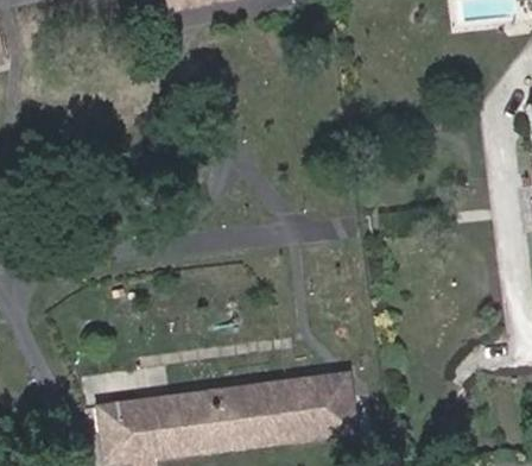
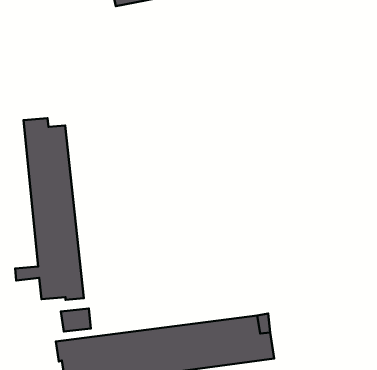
building: none -> [15,118,84,300]

